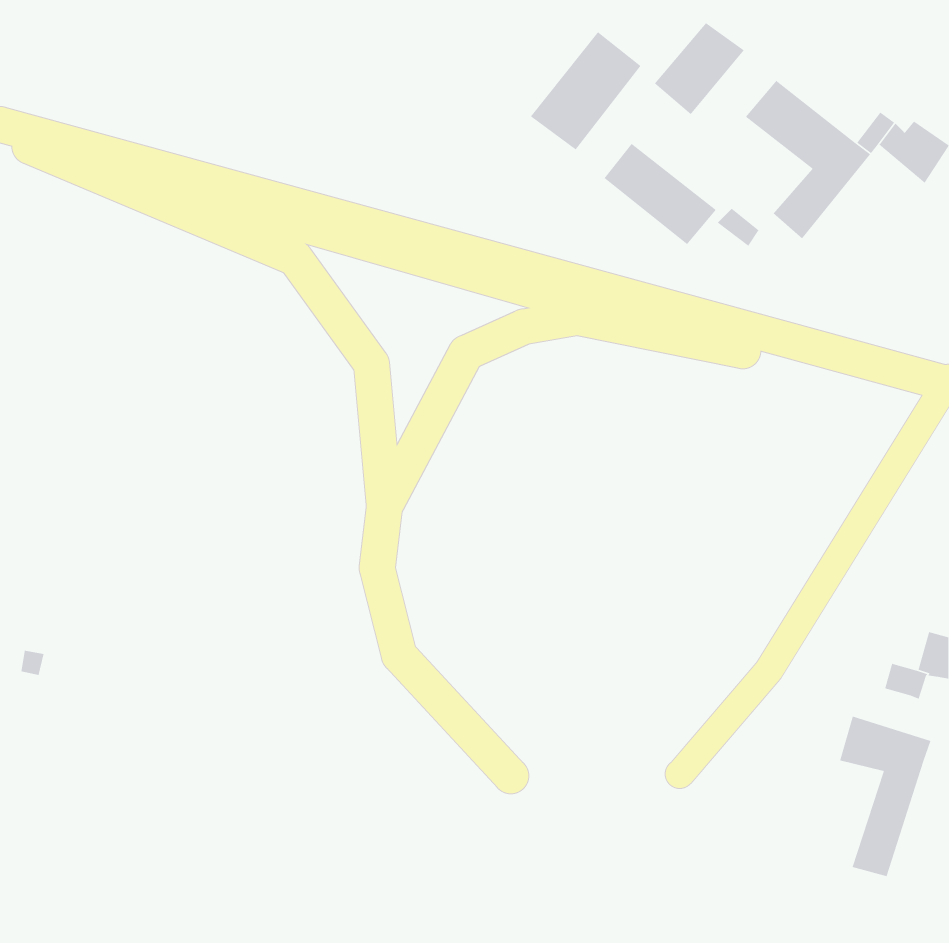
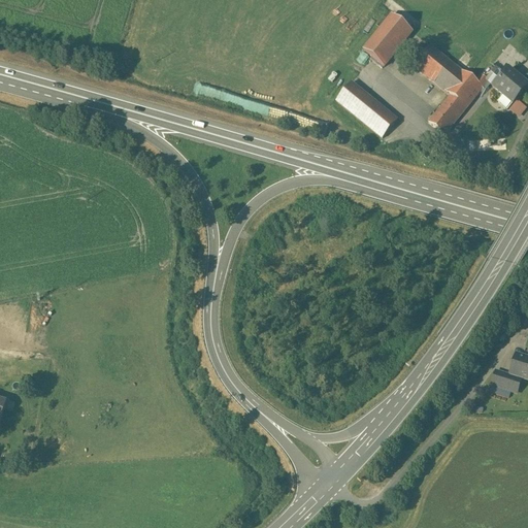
building: [530,31,642,151] -> none
building: [839,716,931,877] -> none

